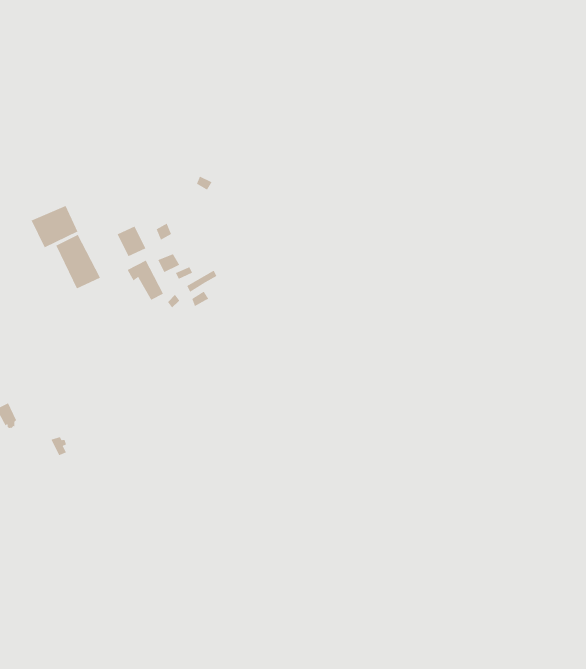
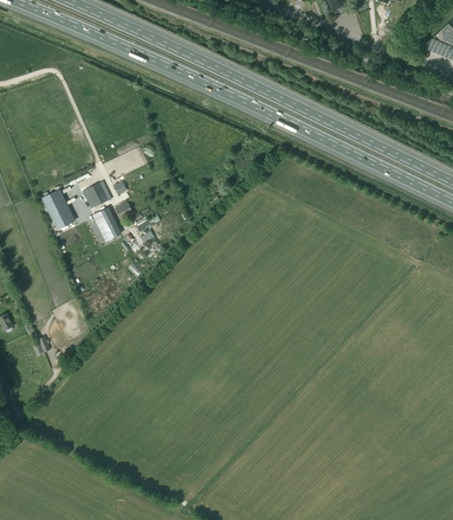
building: [31,205,78,248] -> none

